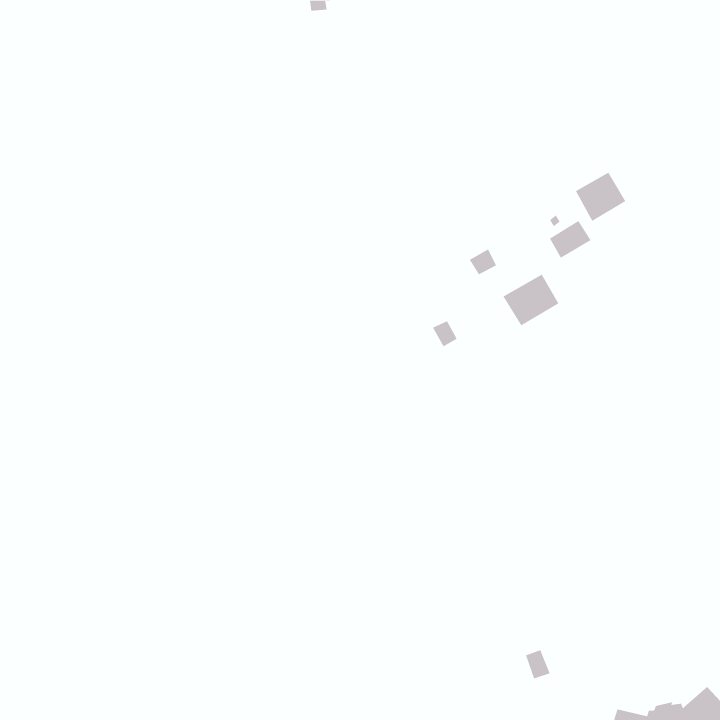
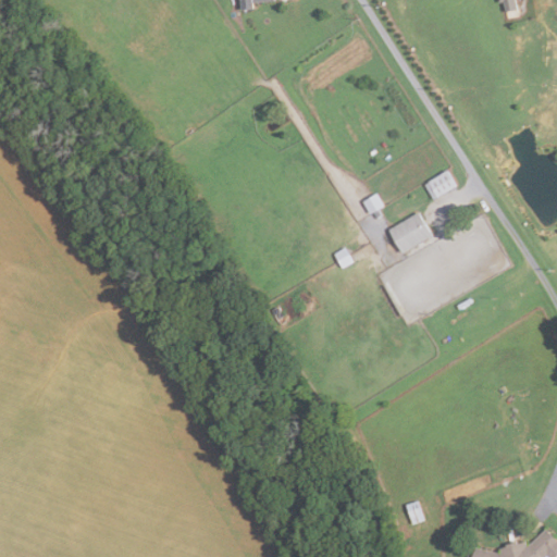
building: [575,172,626,222] -> none

